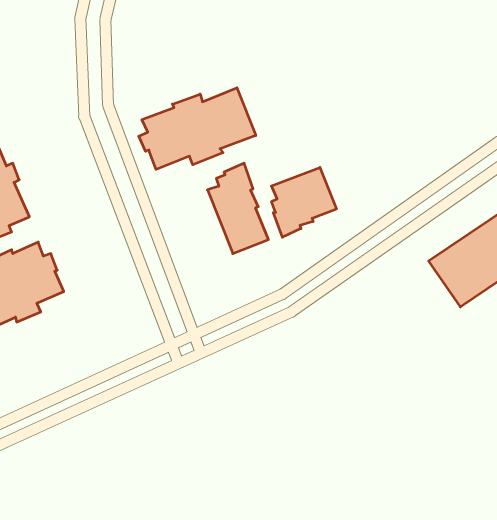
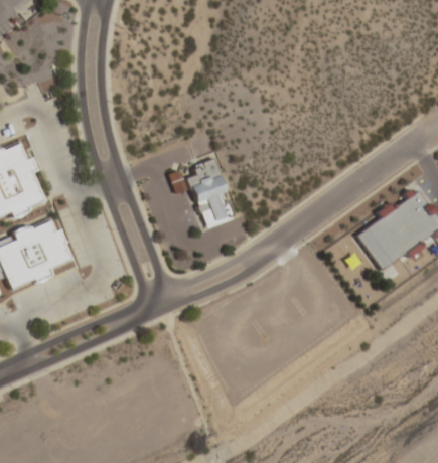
building: [139,88,256,169] -> none
building: [271,167,336,237] -> none

